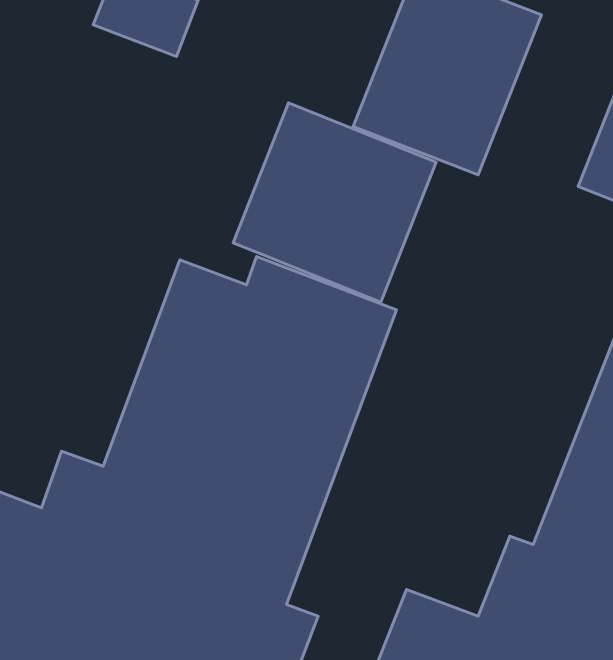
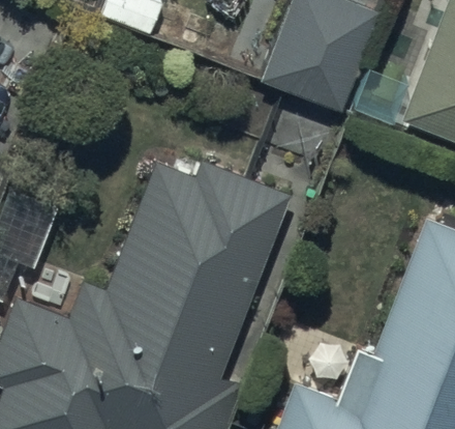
building: [233,103,436,302] -> none

